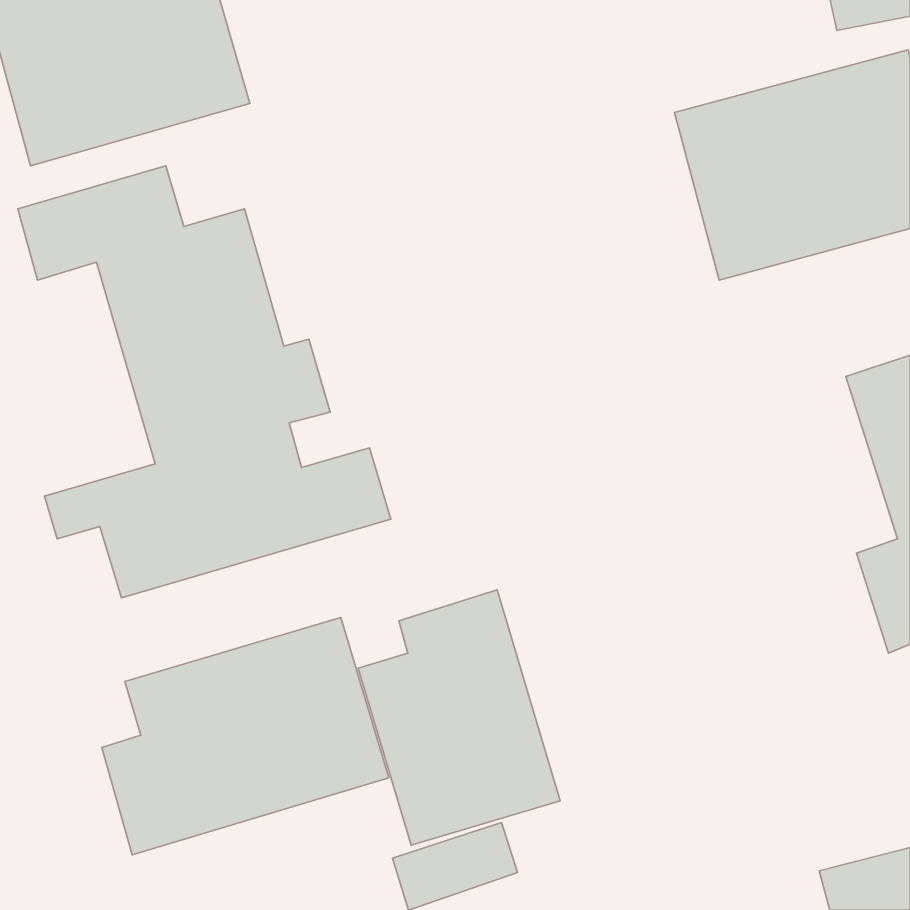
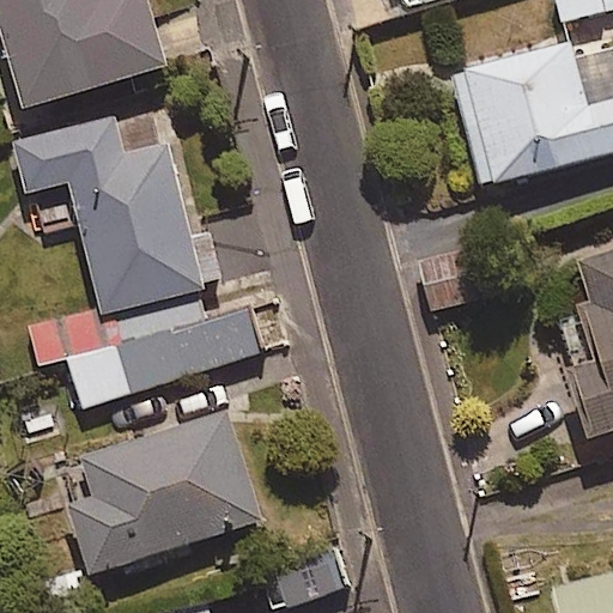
building: [358,590,560,845] -> none

